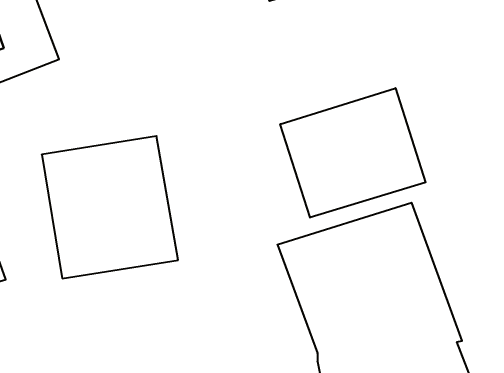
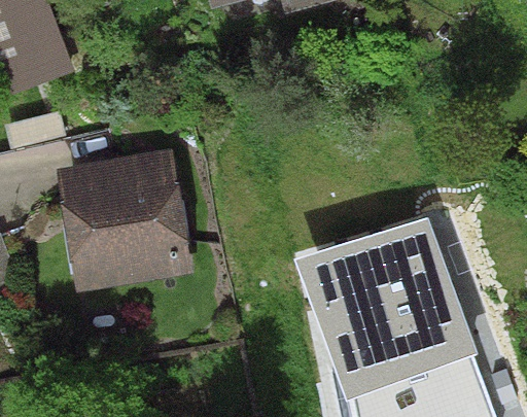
building: [280,88,426,218] -> none

